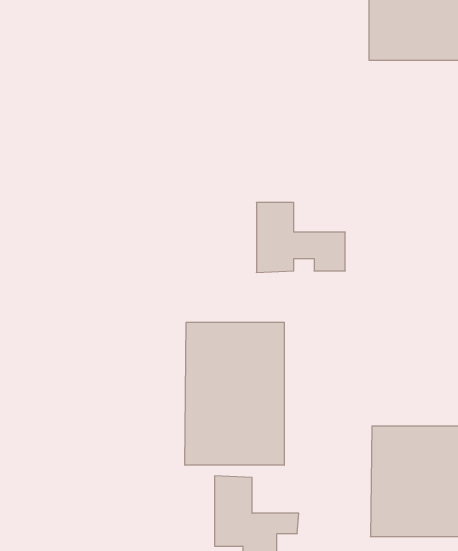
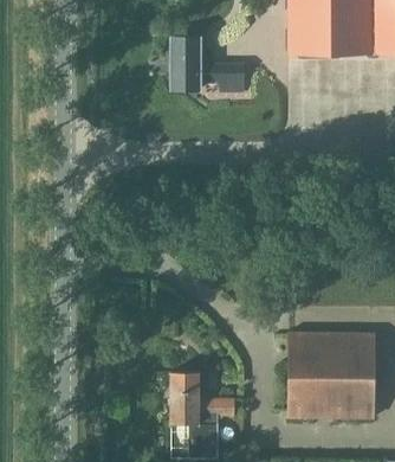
building: [256,202,345,273] -> [175,40,242,94]
building: [185,322,284,465] -> none

